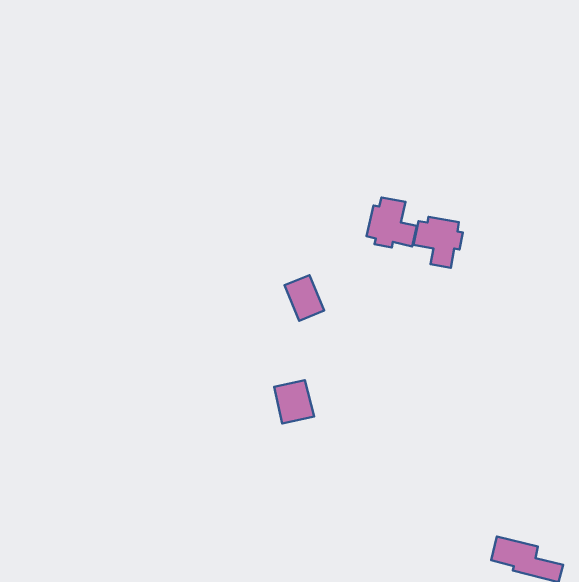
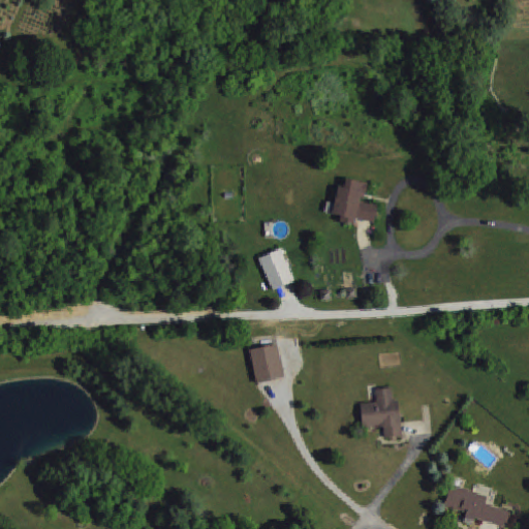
building: [413,217,463,268] -> none
building: none -> [360,387,401,438]

